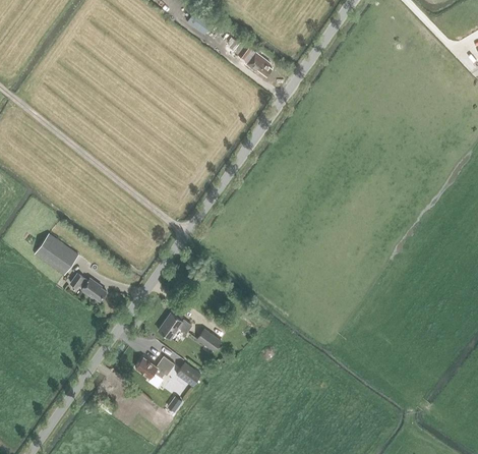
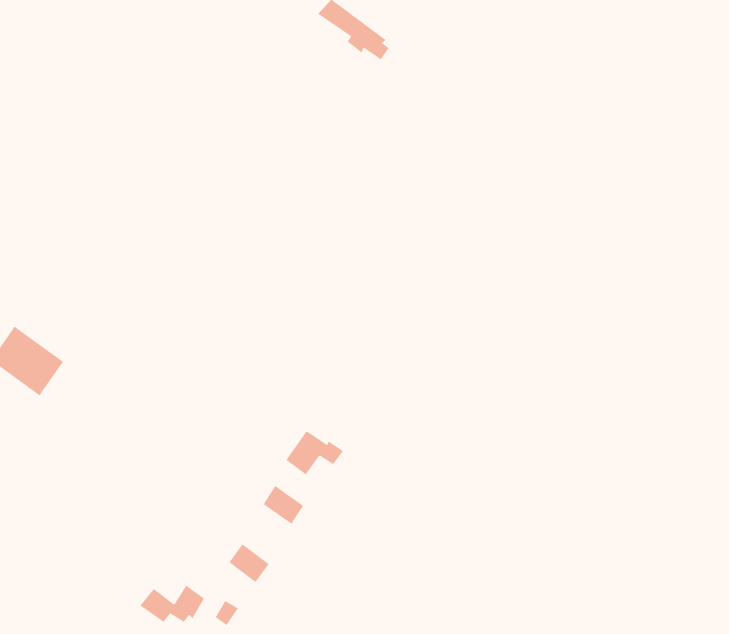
building: [70,273,106,300] -> none
building: [158,313,192,339] -> [286,431,344,475]
building: [135,355,174,378] -> [140,585,205,623]

